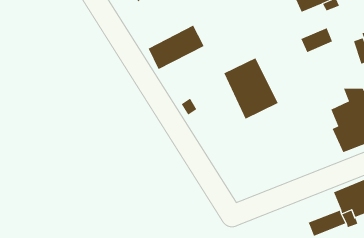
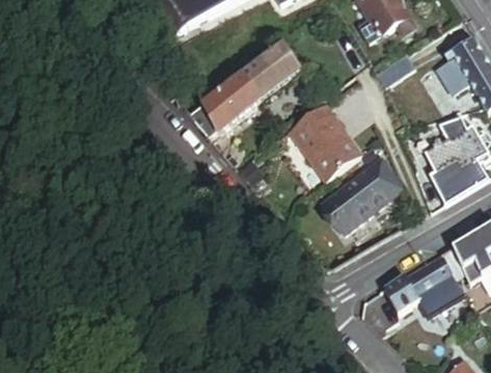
building: none -> [241,45,300,99]
building: none -> [317,159,401,234]
building: none -> [383,251,455,310]

